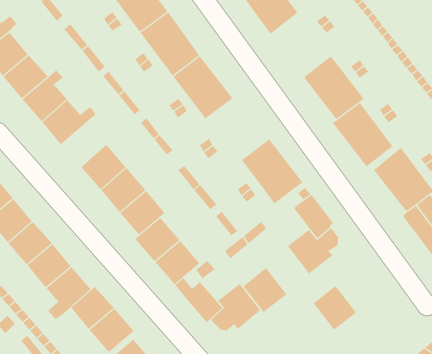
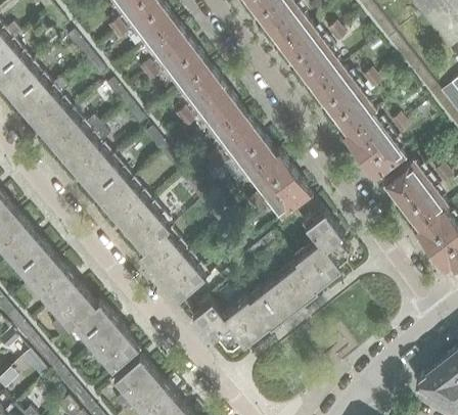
building: none -> [278,22,340,89]
building: none -> [212,110,274,176]
building: none -> [63,127,110,181]
building: [313,283,357,331] -> [274,262,319,311]

